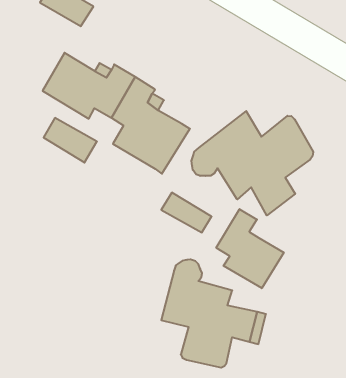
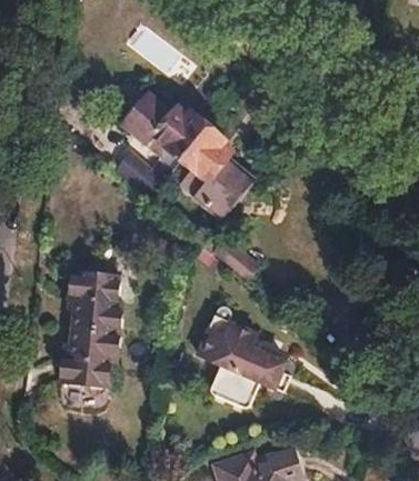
building: [192,111,313,215] -> none
building: [216,209,284,288] -> none
building: none -> [61,270,122,385]

